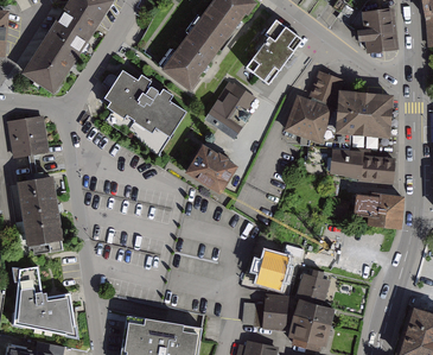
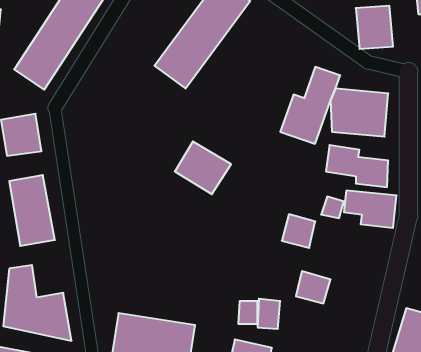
building: [243,19,304,85] -> none
building: [101,70,186,142] -> none
building: [202,77,261,140] -> none
building: [254,259,287,292] -> [282,214,315,248]
building: [289,300,338,346] -> none

